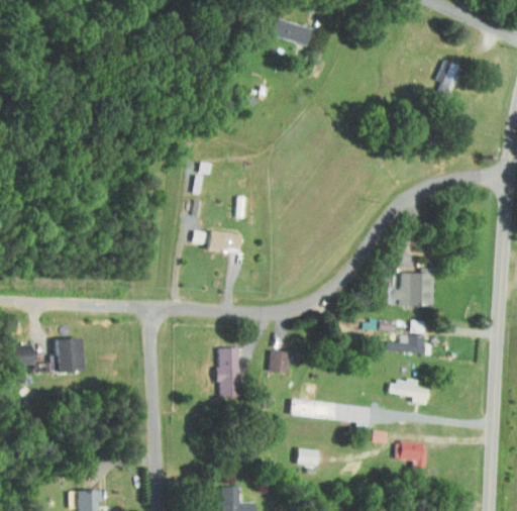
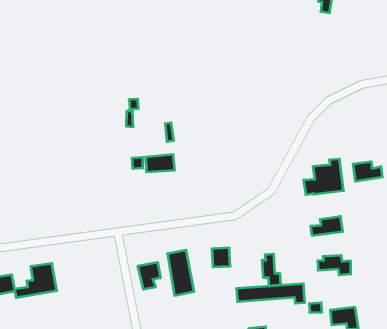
building: none -> [353,162,382,181]
building: none -> [138,262,160,289]
building: none -> [262,254,280,286]

